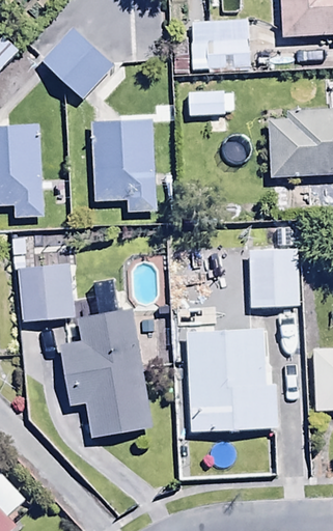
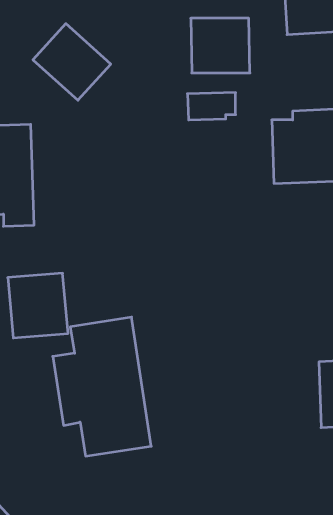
building: [90,119,154,212] -> none
building: [247,246,300,308] -> none
building: [185,325,278,431] -> none

